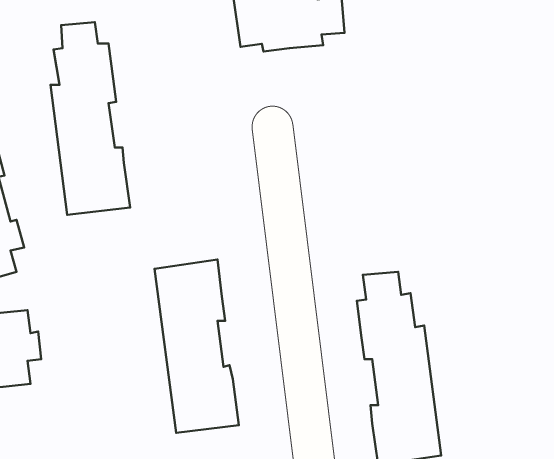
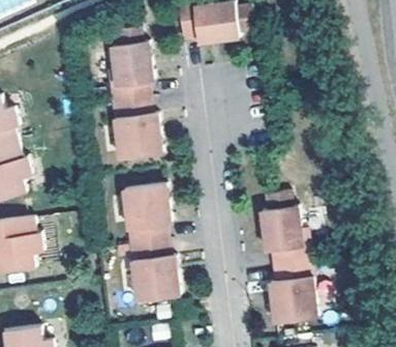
building: [50,22,130,215] -> [106,29,160,160]

